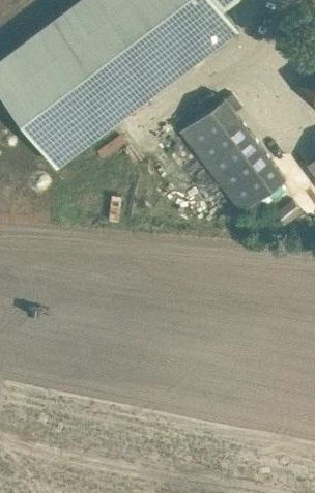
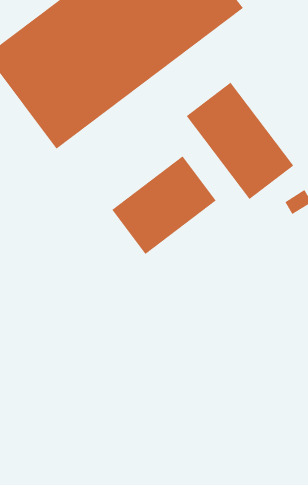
building: none -> [111,156,217,255]

